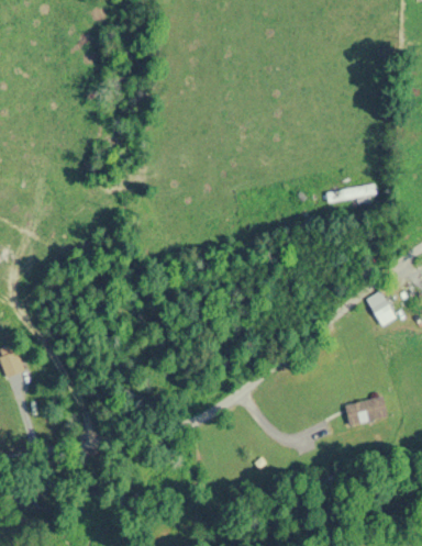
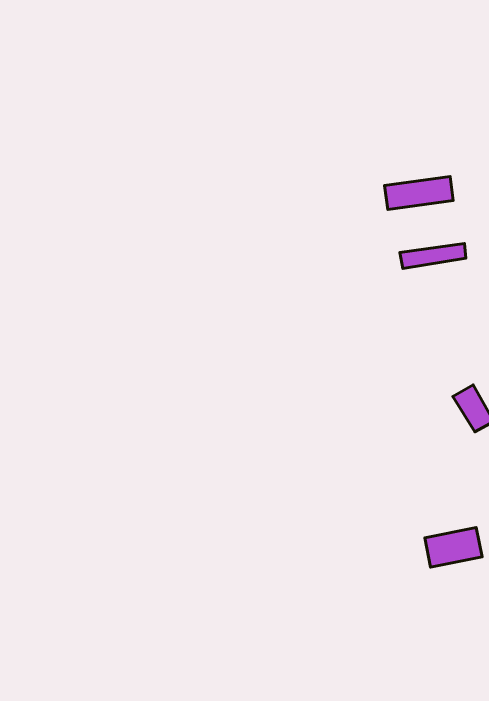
building: none -> [385,177,453,209]

